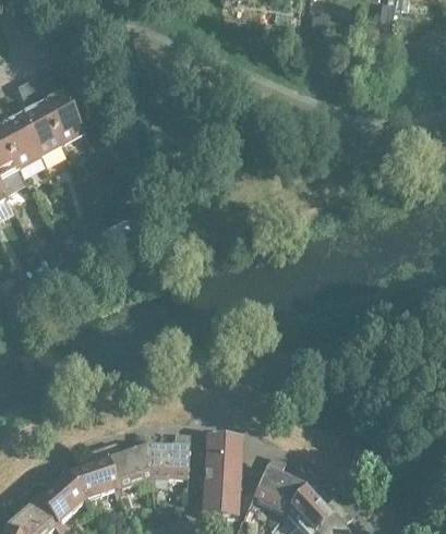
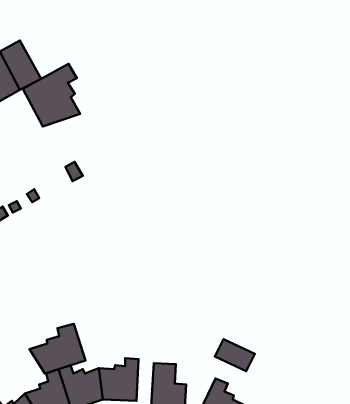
building: none -> [23,64,80,126]
building: none -> [29,324,86,373]
building: none -> [215,339,255,371]

